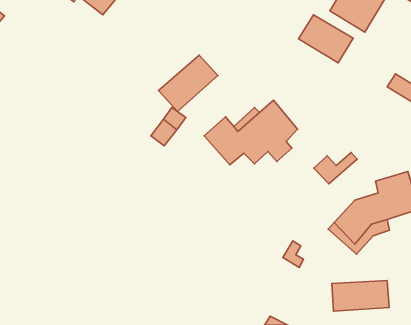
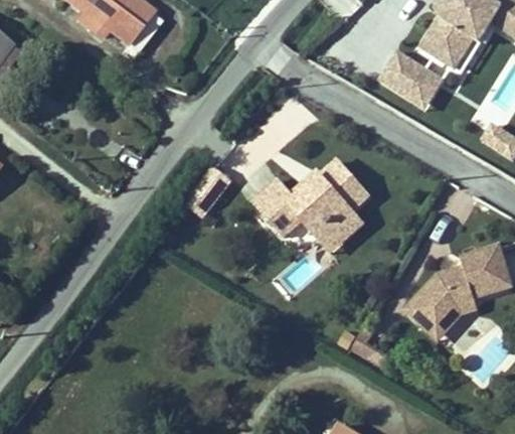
building: [159,55,218,112] -> none
building: [314,152,357,184] -> [319,212,371,251]
building: [332,281,389,311] -> none

